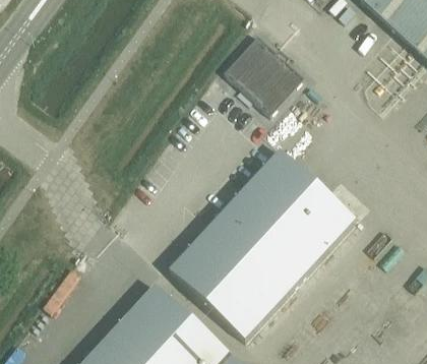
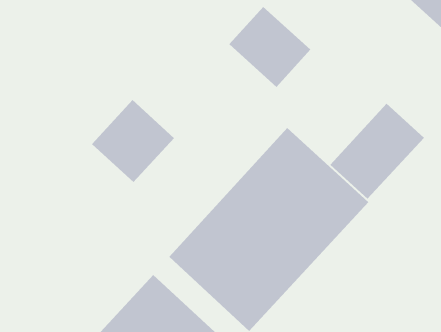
building: none -> [91,99,175,183]
building: none -> [330,103,425,200]

